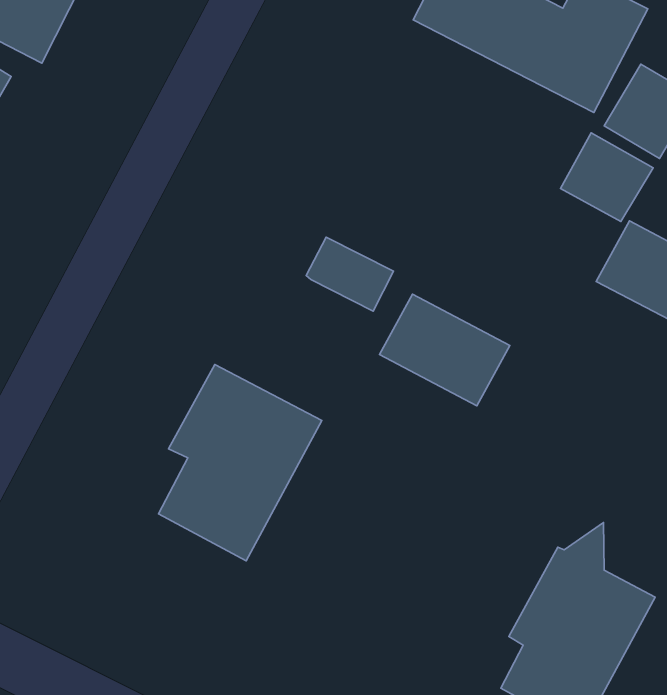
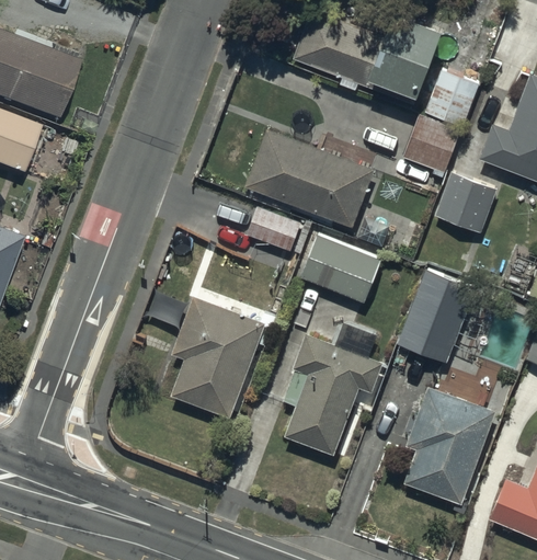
building: none -> [243,129,375,225]
building: none -> [398,267,478,364]
building: none -> [282,334,384,456]

